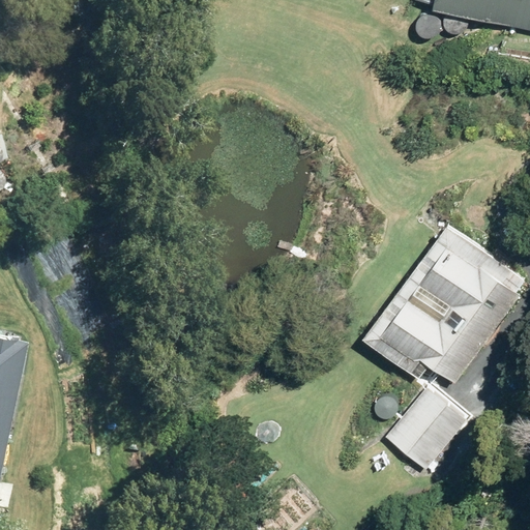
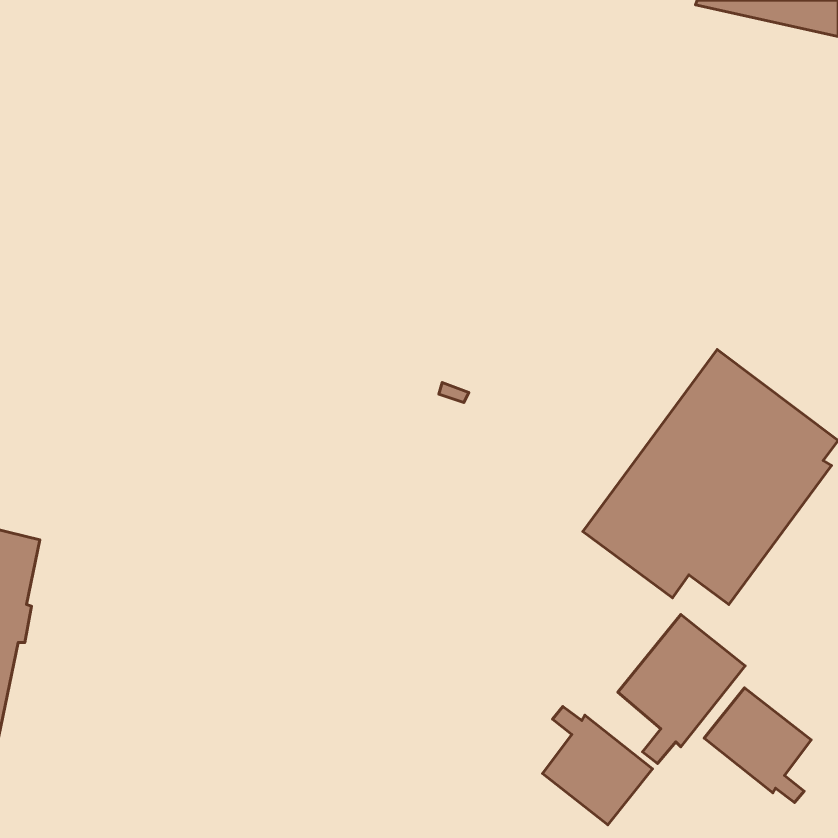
building: none -> [704,688,811,803]
building: none -> [542,706,652,825]

